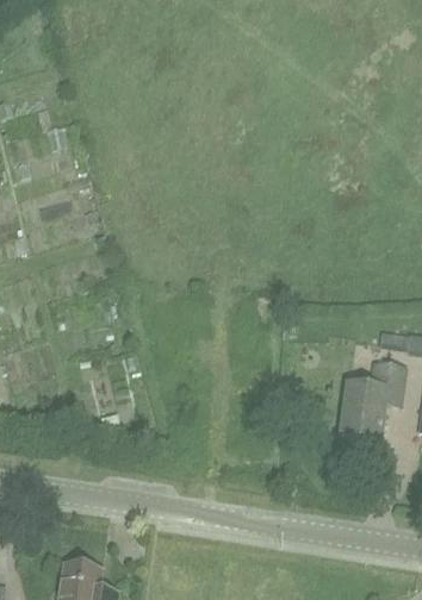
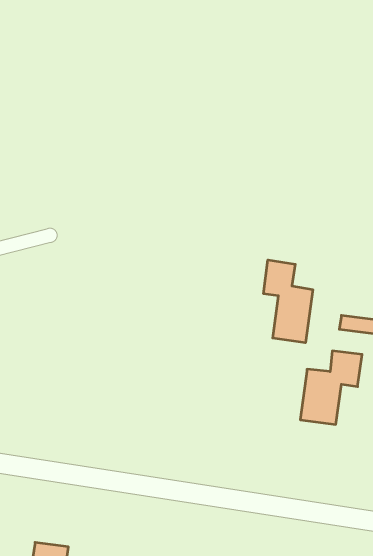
building: none -> [264,260,313,343]

